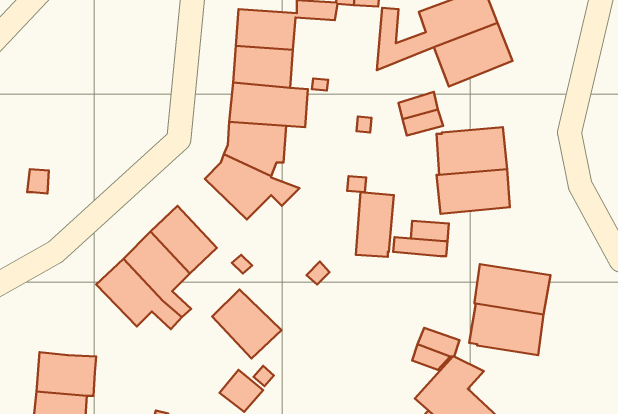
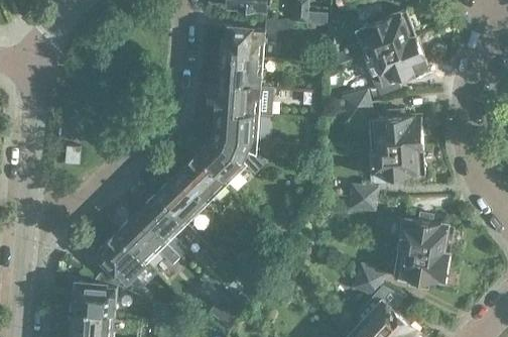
building: [356,192,394,257] -> none
building: none -> [95,232,146,286]
building: [212,289,281,359] -> [176,153,228,205]

